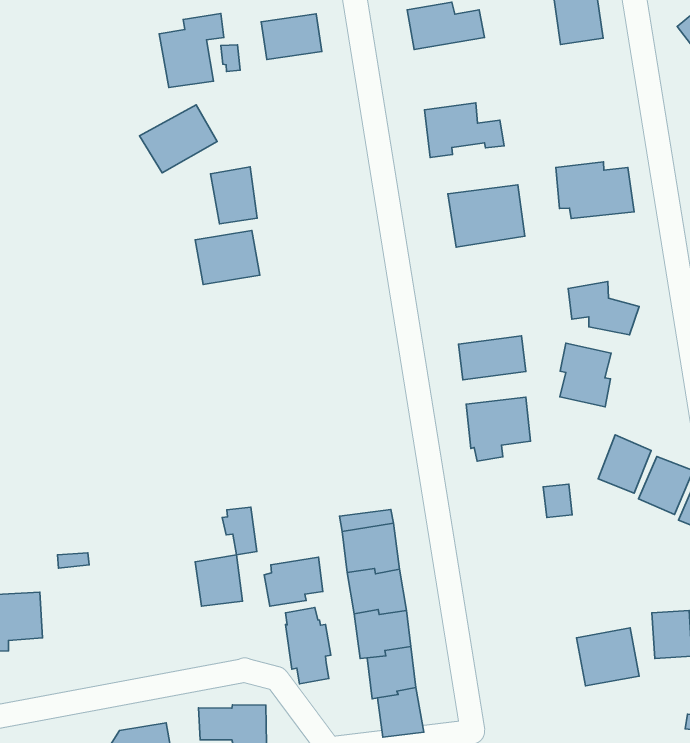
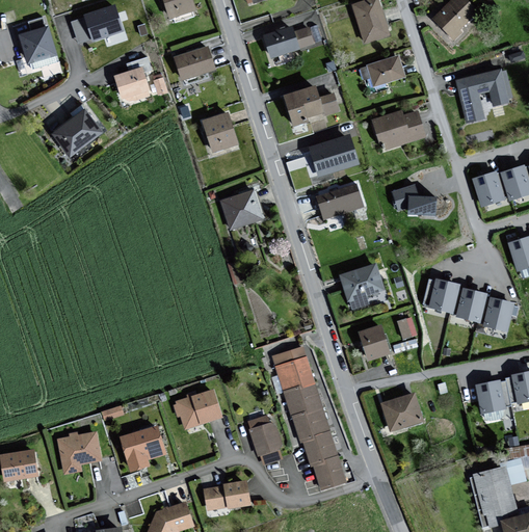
building: none -> [368,54,405,84]
building: [139,105,217,173] -> [52,109,101,155]
building: [211,167,257,224] -> [203,111,236,150]
building: [195,230,260,285] -> [219,190,263,229]
building: [458,336,526,380] -> [317,184,362,217]
building: [560,343,611,407] -> none
building: none -> [359,324,390,361]
building: [222,507,257,555] -> [170,398,195,429]
building: [264,557,323,606] -> none
building: none -> [118,428,161,473]
building: [577,628,639,686] -> [380,392,423,432]

